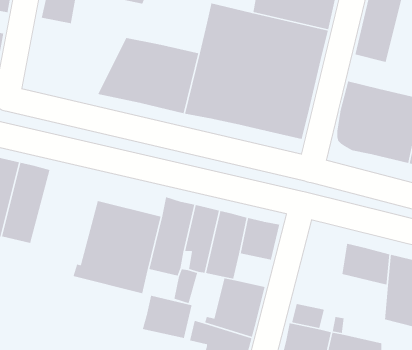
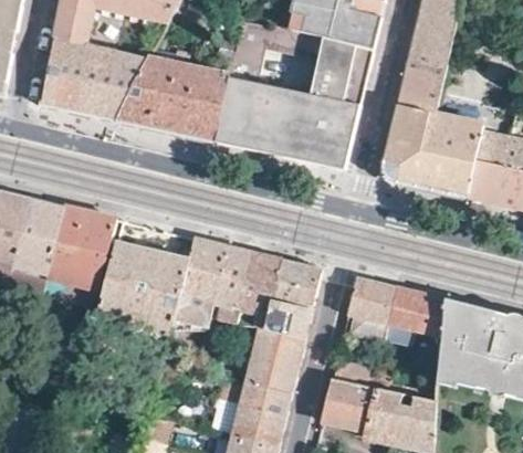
building: none -> [42,35,149,120]
building: none -> [397,76,440,114]
building: none -> [43,204,117,302]
building: none -> [348,276,396,339]
building: none -> [270,298,312,335]
building: [142,295,193,339] -> none

